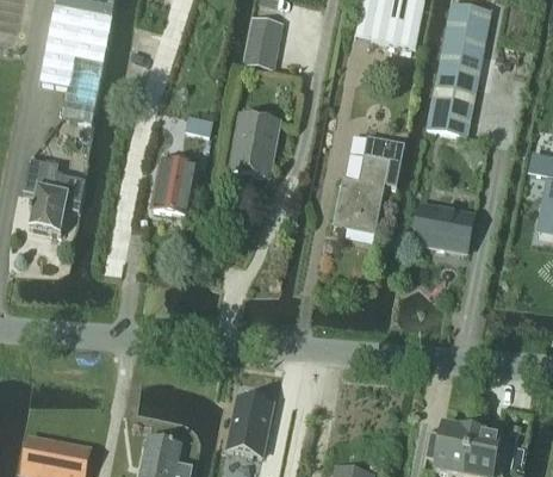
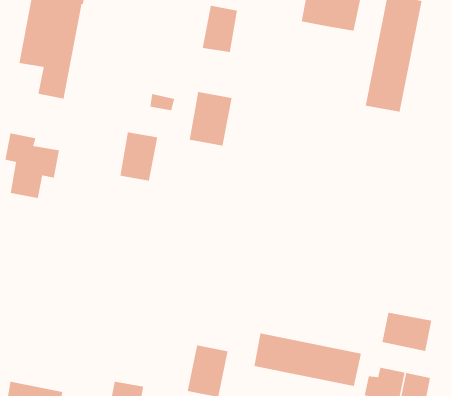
building: [334,136,406,231] -> none
building: [412,203,473,250] -> none
building: none -> [382,312,432,352]
building: none -> [253,332,362,387]

